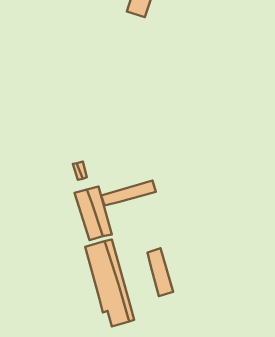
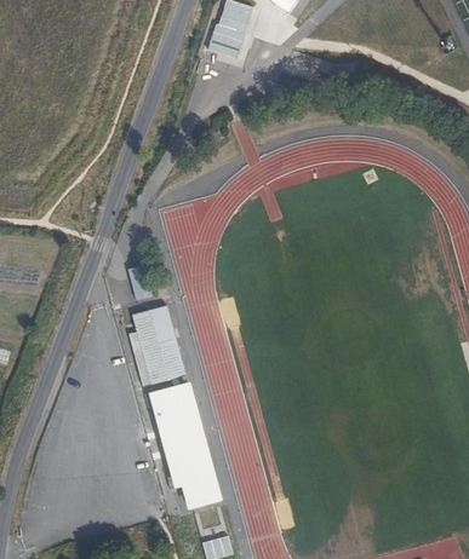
building: [101,181,156,205] -> none
building: [148,248,173,296] -> none

